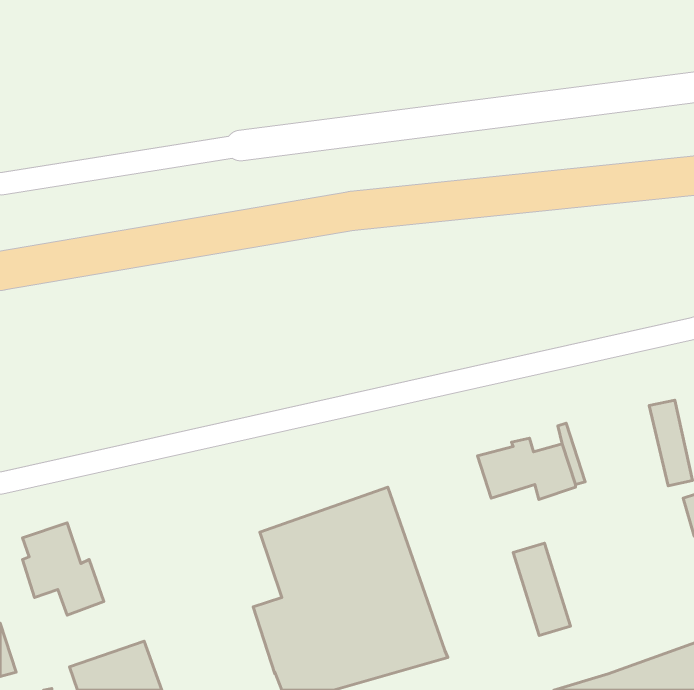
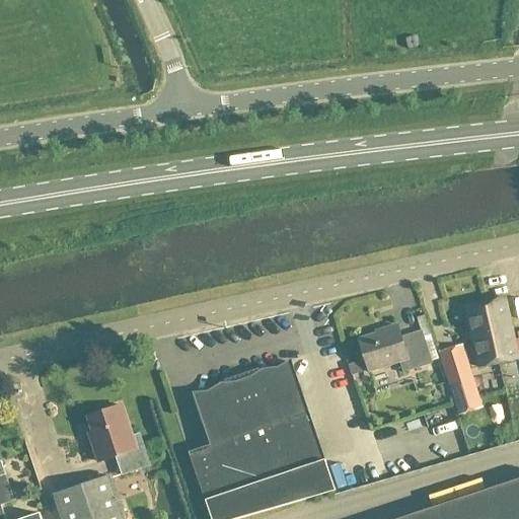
building: none -> [465,302,499,366]
building: [22,523,104,615] -> [88,406,149,475]
building: [513,543,570,636] -> [438,344,480,413]

